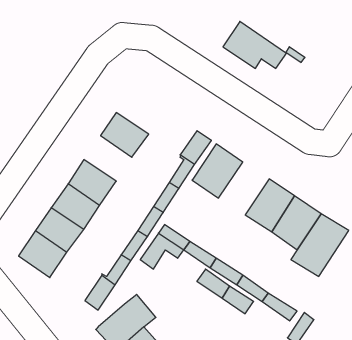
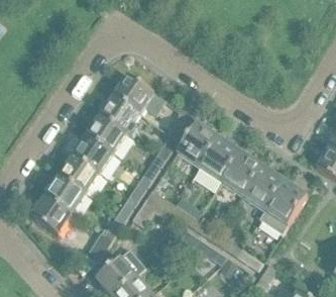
building: [223,21,305,68] -> [112,74,181,113]
building: none -> [85,114,125,153]
building: none -> [198,136,240,181]

